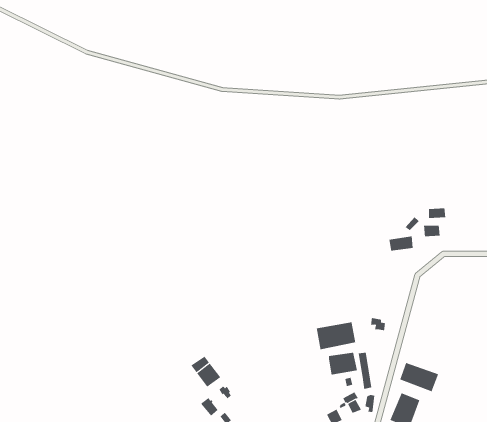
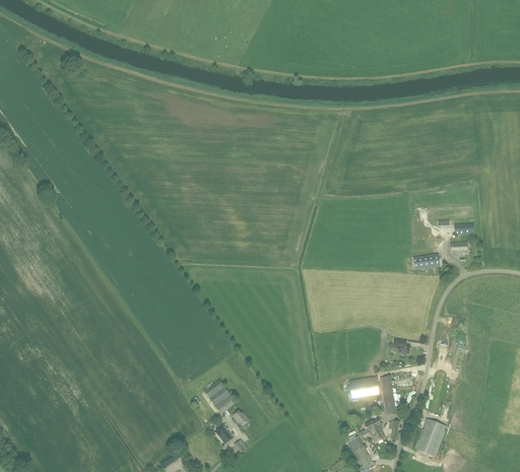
building: [316,322,356,350] -> none
building: [399,362,439,392] -> none

